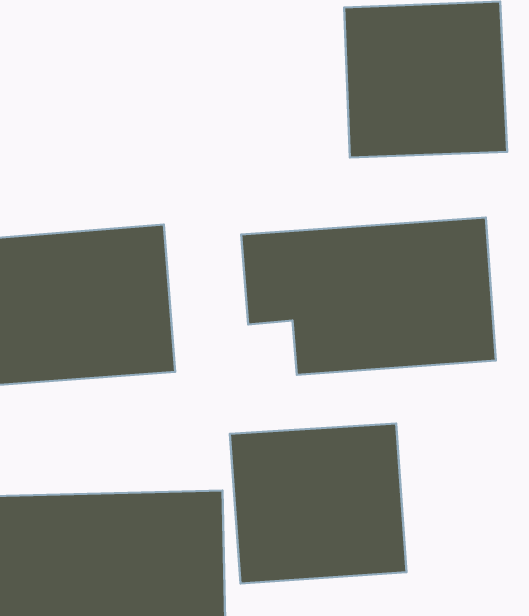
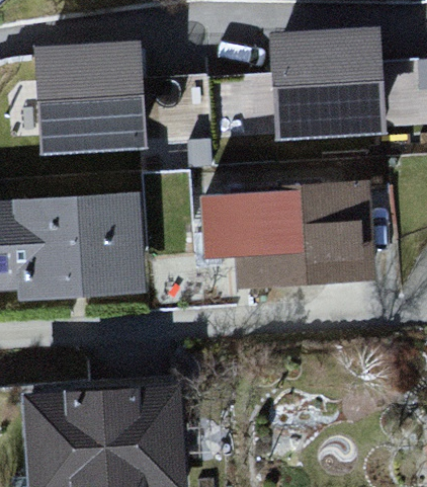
building: none -> [34,44,144,154]
building: [230,424,406,584] -> none

